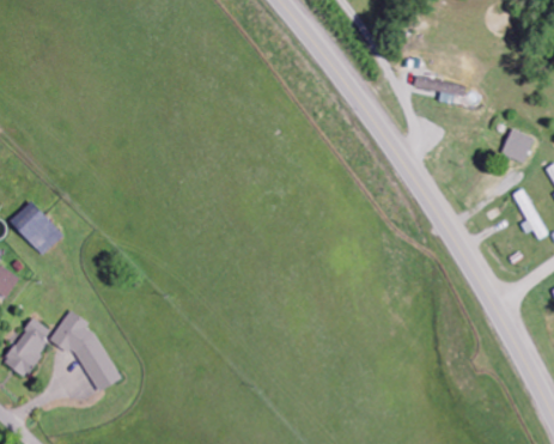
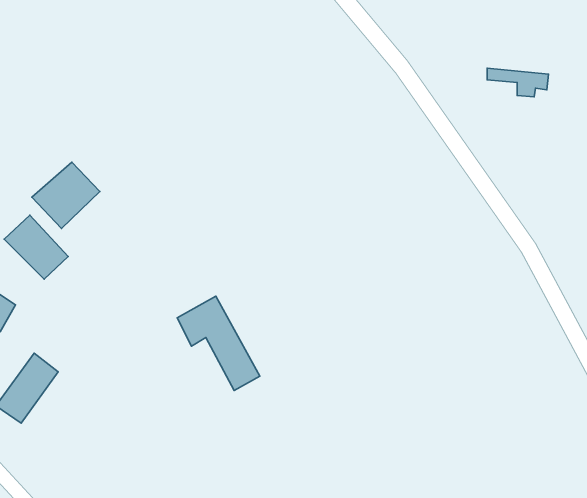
building: none -> [32,162,100,229]
building: [49,312,118,391] -> [177,296,260,390]

